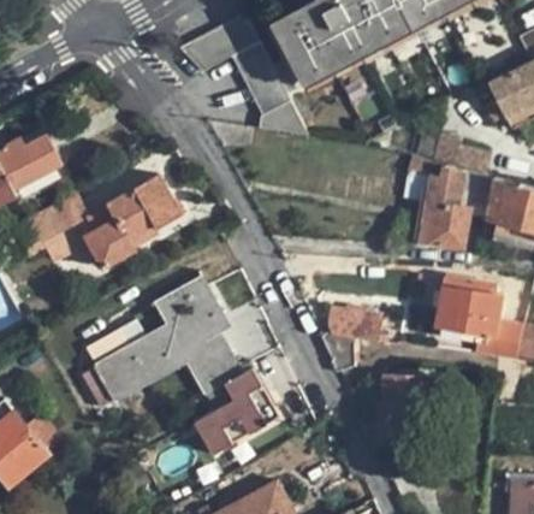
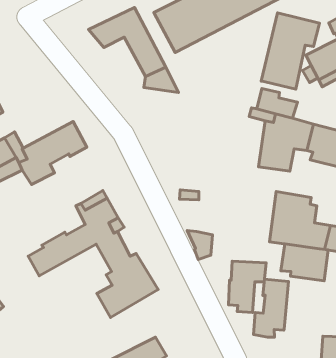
building: none -> [261,13,319,89]
building: [328,308,382,341] -> none
building: none -> [281,244,328,281]
building: none -> [253,279,288,337]

